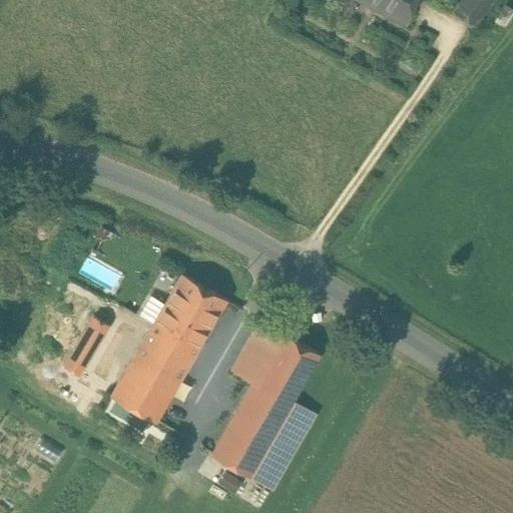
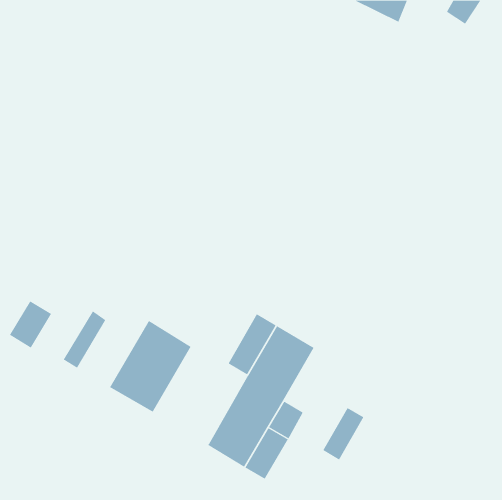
building: [151,276,227,356] -> none
building: none -> [9,300,52,348]
building: none -> [322,407,364,460]

